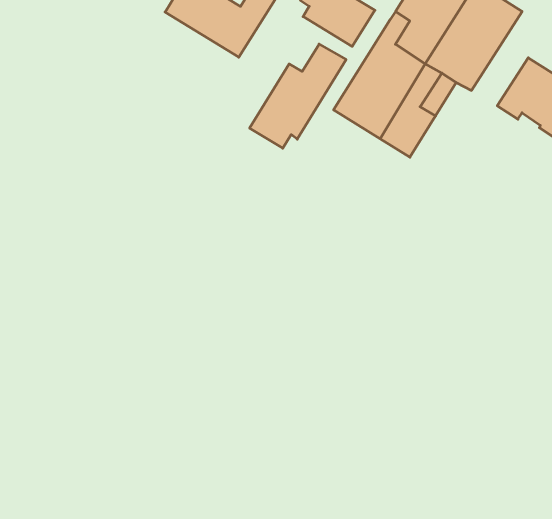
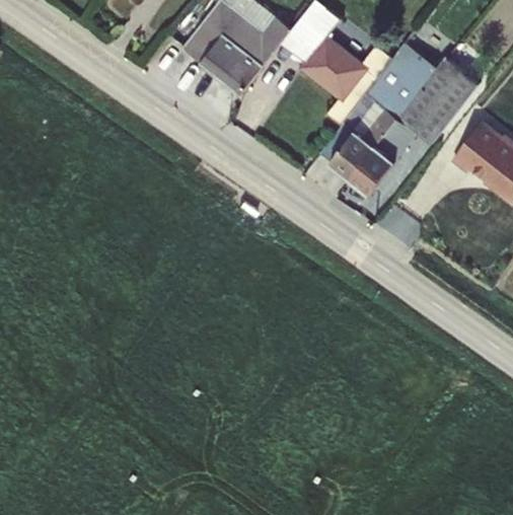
building: [250,44,346,148] -> none

